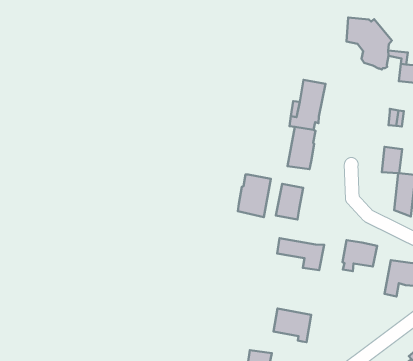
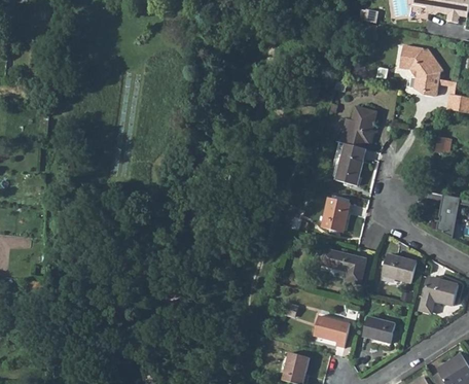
building: [238,174,271,217] -> none
building: none -> [362,315,395,344]

